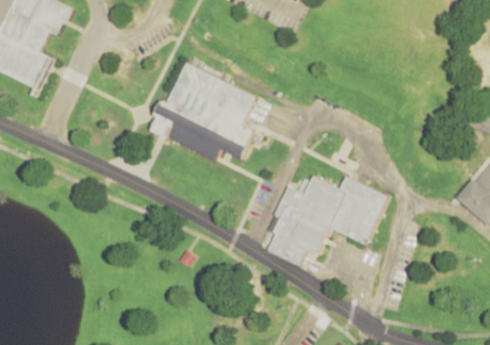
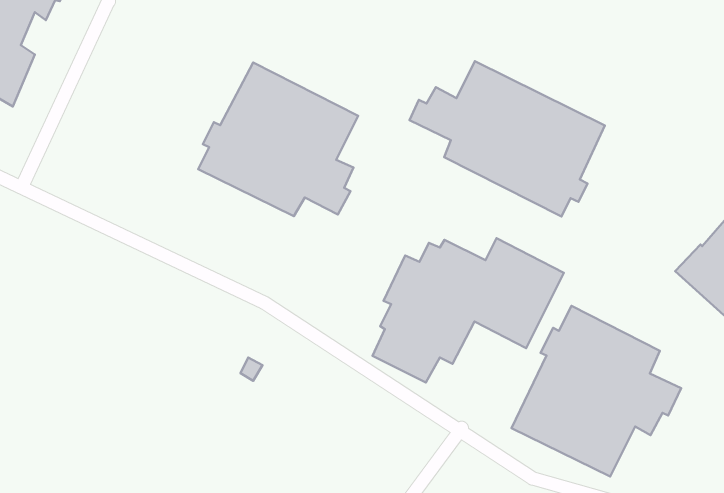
building: none -> [410,61,605,216]
building: none -> [512,306,681,476]

